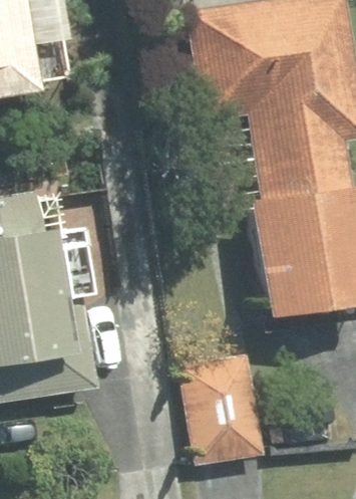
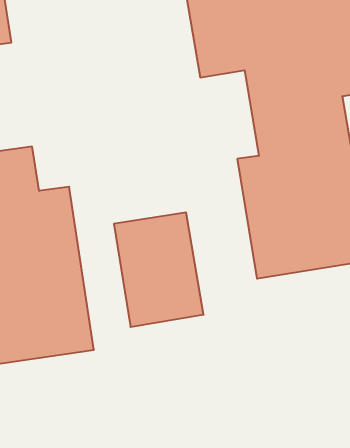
building: [182,353,269,465] -> [114,212,204,327]

